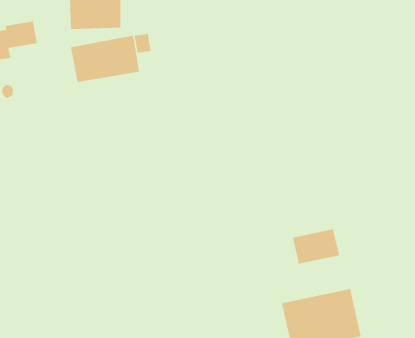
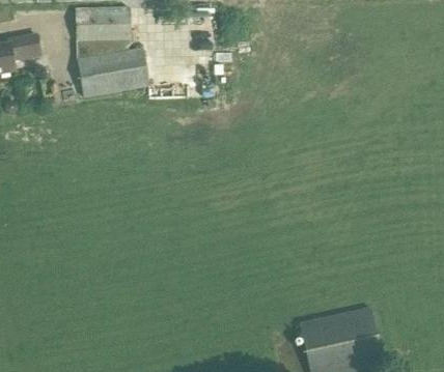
building: none -> [76,38,135,59]
building: [292,228,340,264] -> none

